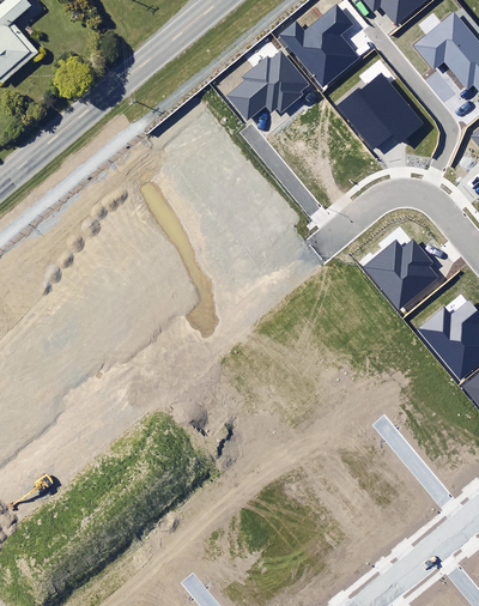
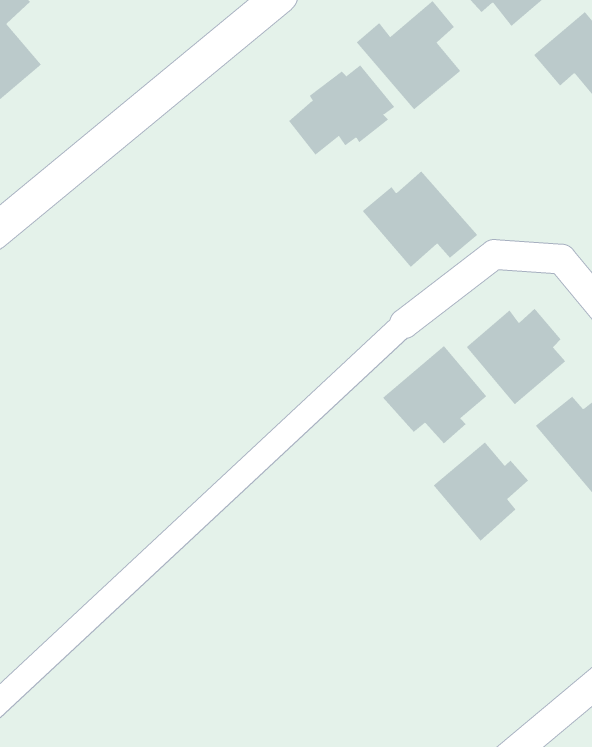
building: [335,73,424,147] -> [362,170,478,268]
building: none -> [382,345,487,444]
building: none -> [433,441,529,542]

